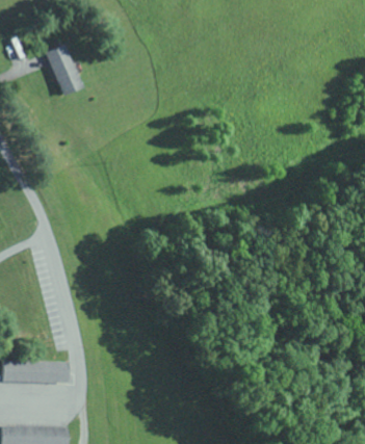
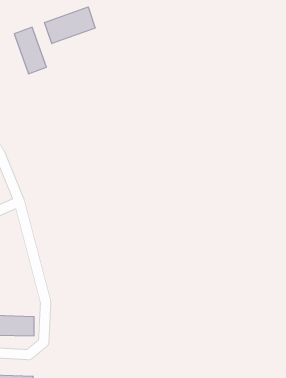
building: none -> [45,7,95,44]

